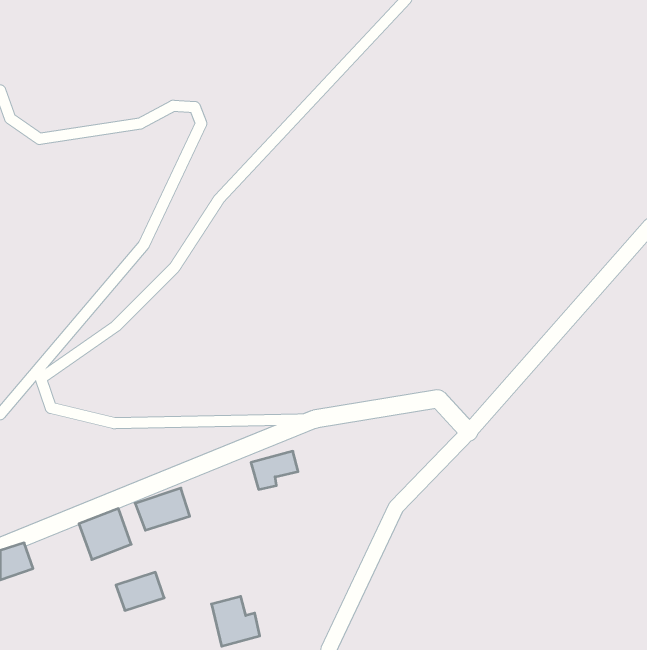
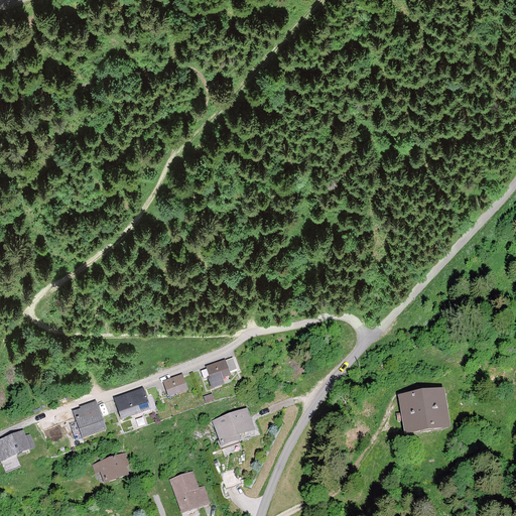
building: none -> [158,373,184,395]
building: none -> [398,388,448,435]
building: none -> [213,410,253,440]

